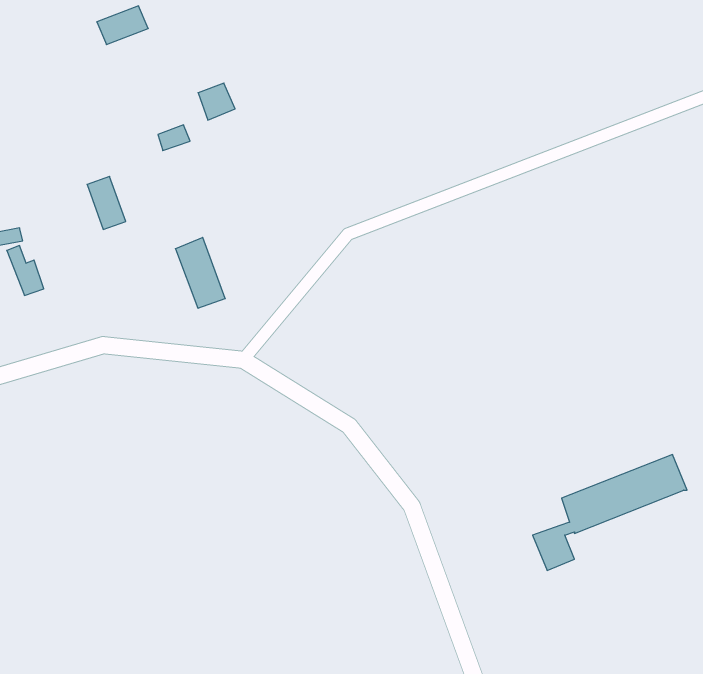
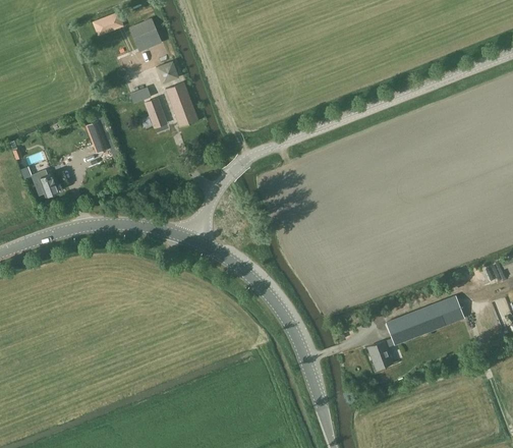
building: none -> [129,18,162,52]
building: none -> [144,98,167,128]
building: [175,237,225,308] -> [166,81,197,126]

